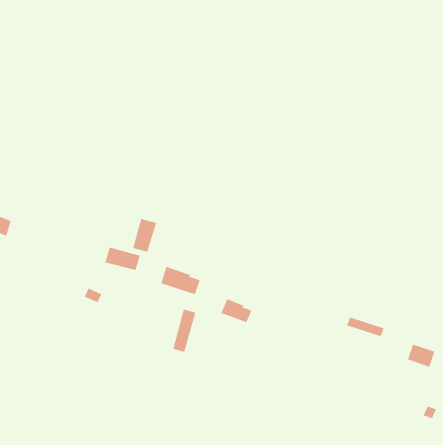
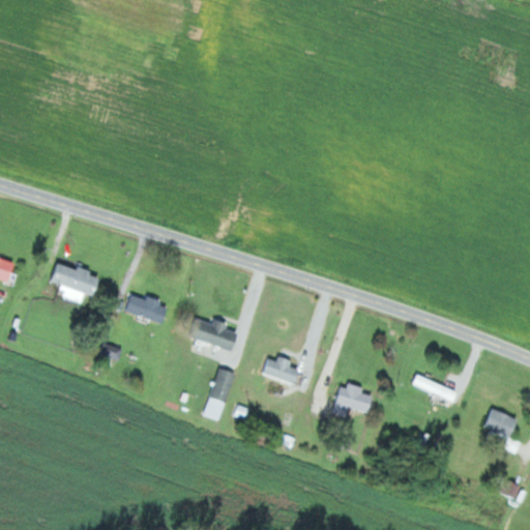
building: [132,218,157,253] -> none
building: none -> [51,262,99,296]
building: none -> [333,383,372,416]

